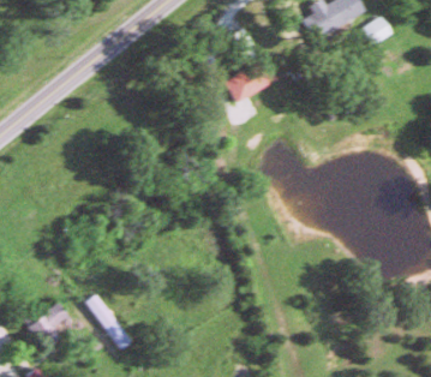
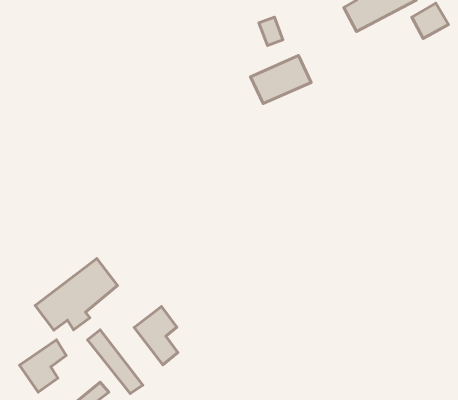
building: none -> [35,258,118,330]
building: none -> [134,306,178,365]

